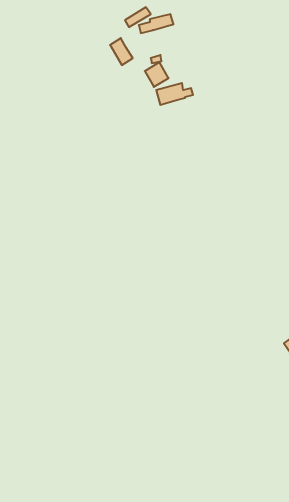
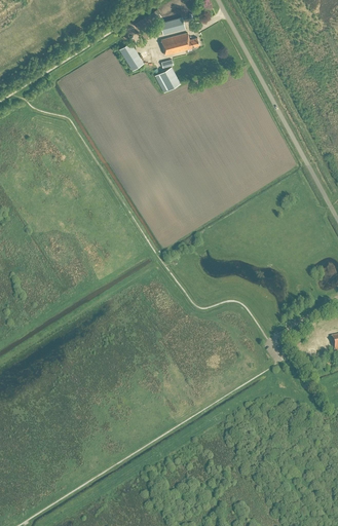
building: [156,83,193,105] -> [161,32,199,54]

